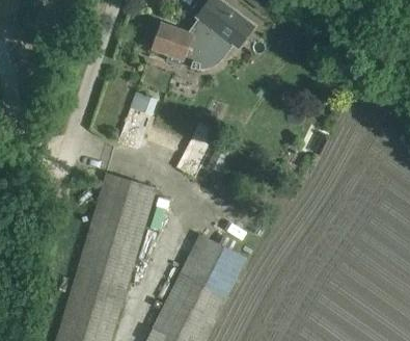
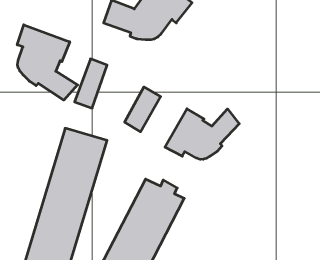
building: none -> [17,25,78,100]
building: none -> [165,109,239,159]

